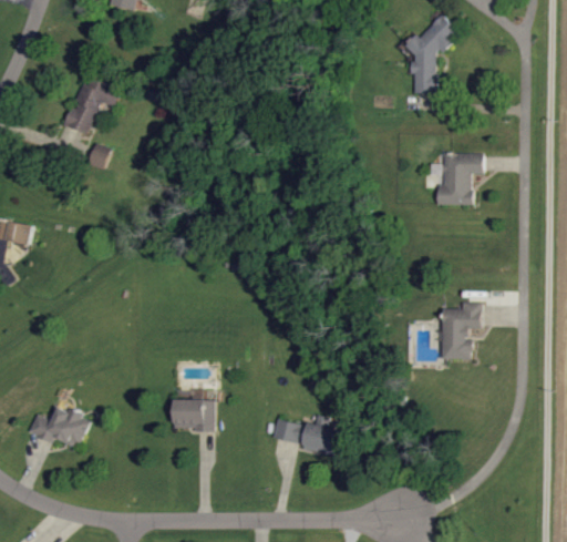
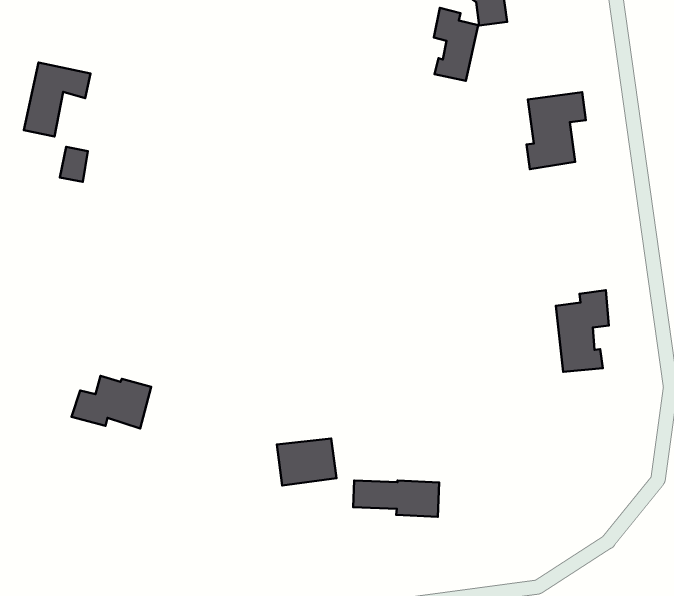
building: none -> [434,8,478,81]
building: [173,399,214,430] -> [277,439,336,485]
building: [28,406,90,449] -> [72,376,151,428]

